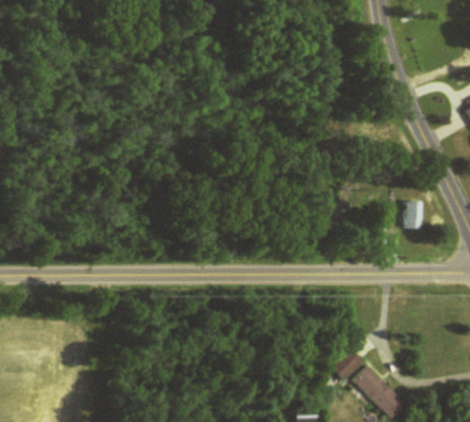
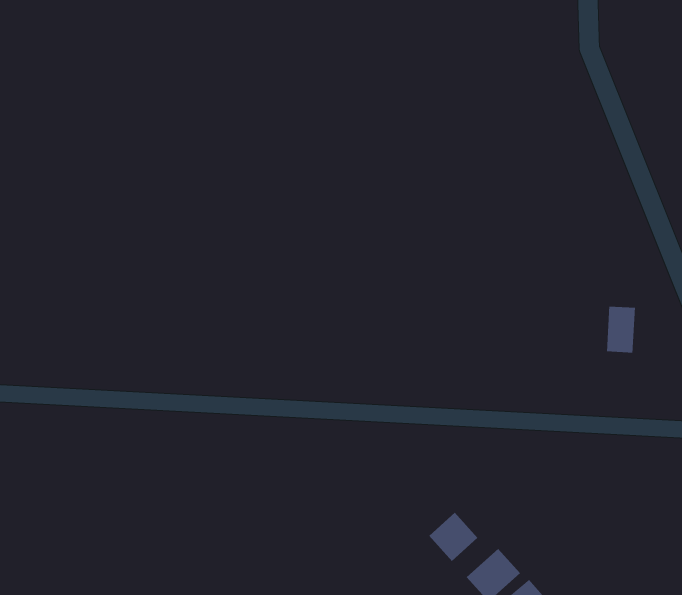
building: none -> [428,512,478,562]

